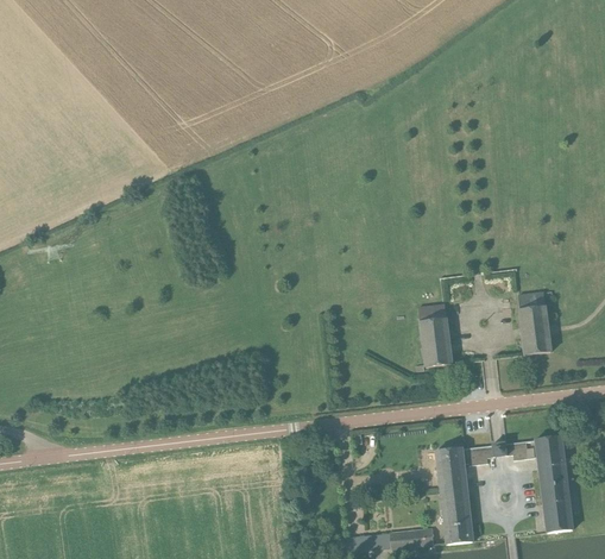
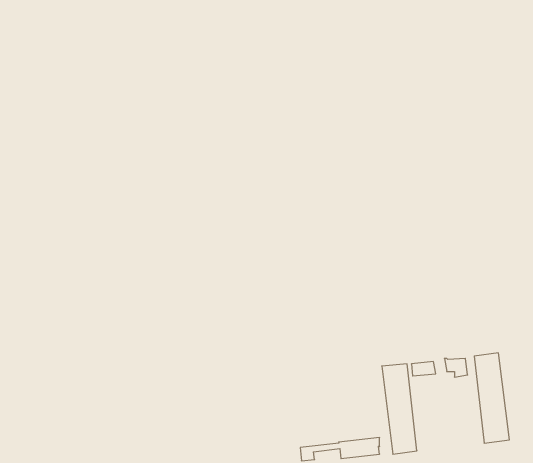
building: [517,290,550,356] -> none
building: [417,297,452,368] -> none

